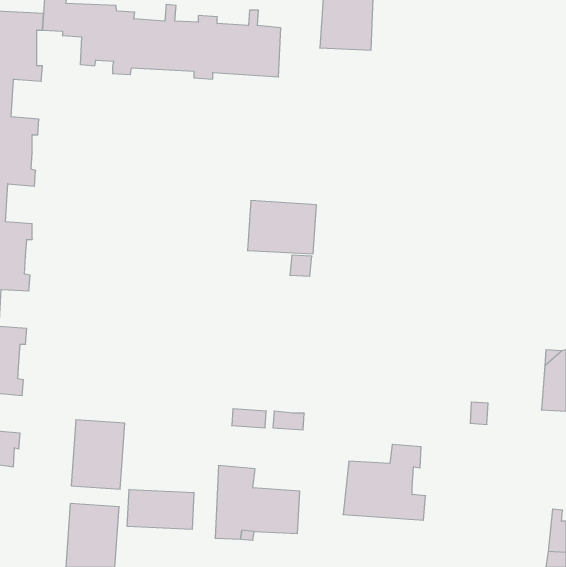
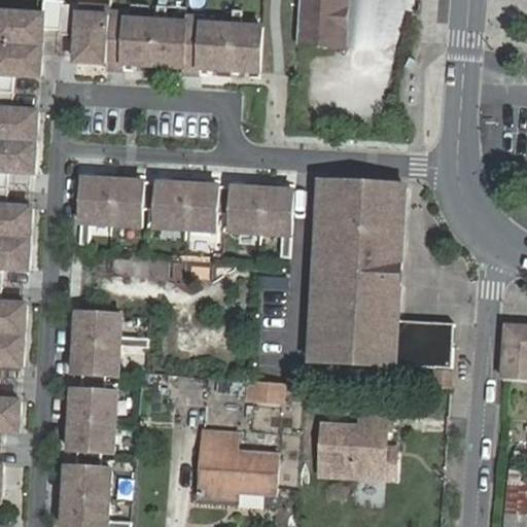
building: none -> [79,177,142,225]
building: none -> [316,180,452,367]
building: none -> [153,181,217,231]
building: none -> [72,311,120,375]
building: [127,489,194,529] -> none

